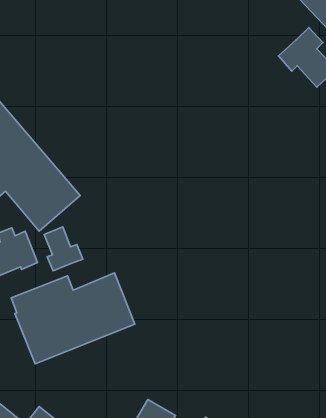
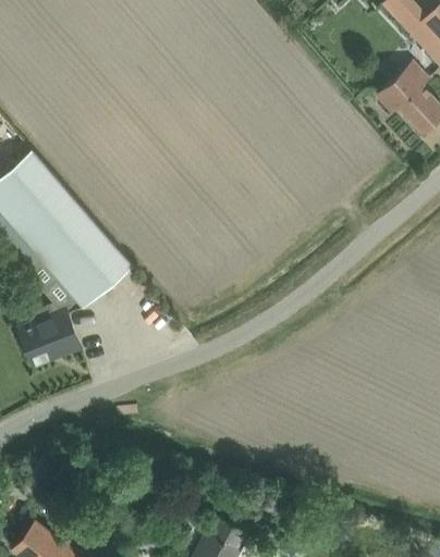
building: [44,227,83,271] -> none
building: [11,273,135,364] -> none

